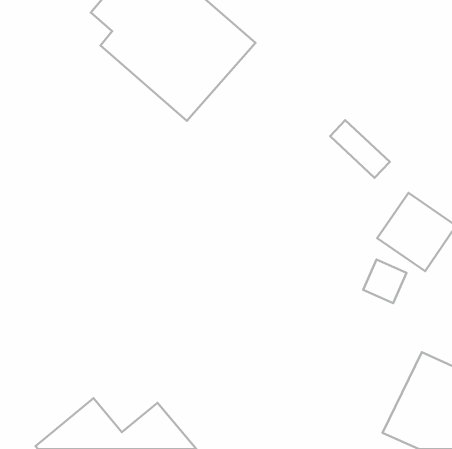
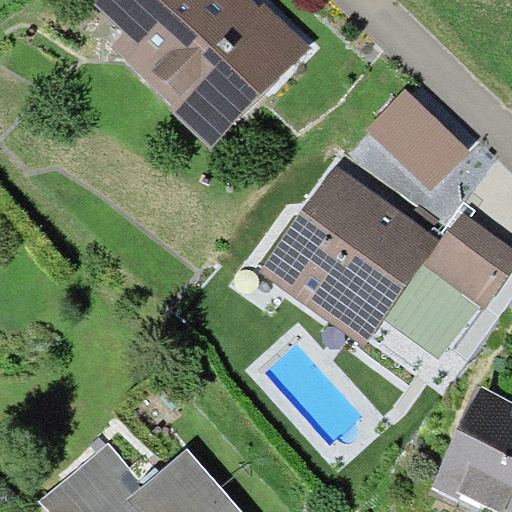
building: none -> [383,81,486,181]
building: none -> [265,182,425,341]

